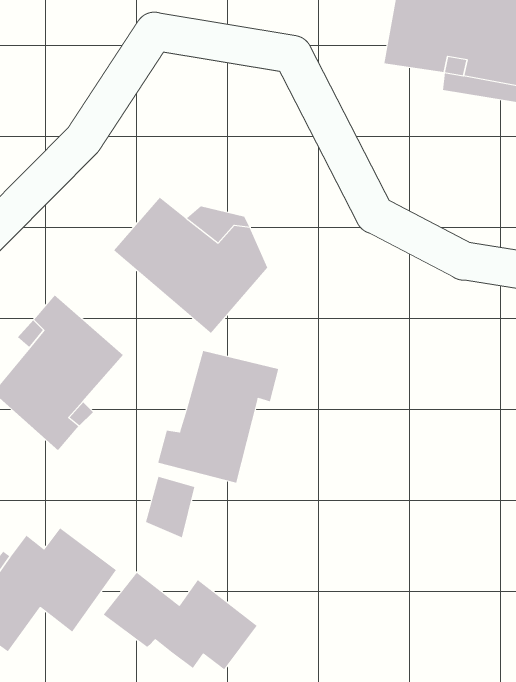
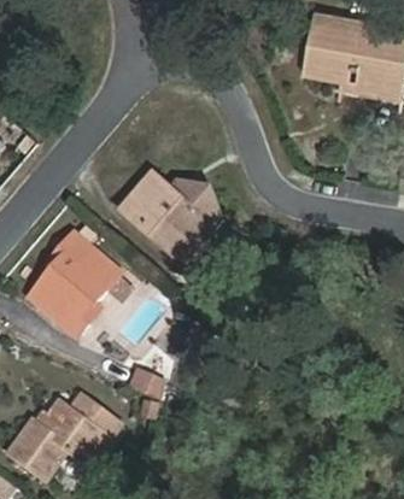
building: [157,350,279,484] -> none
building: [103,572,257,670] -> none

